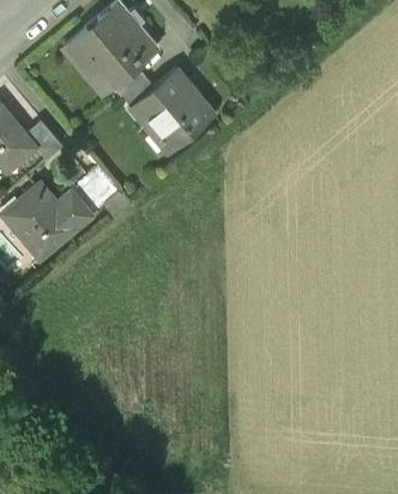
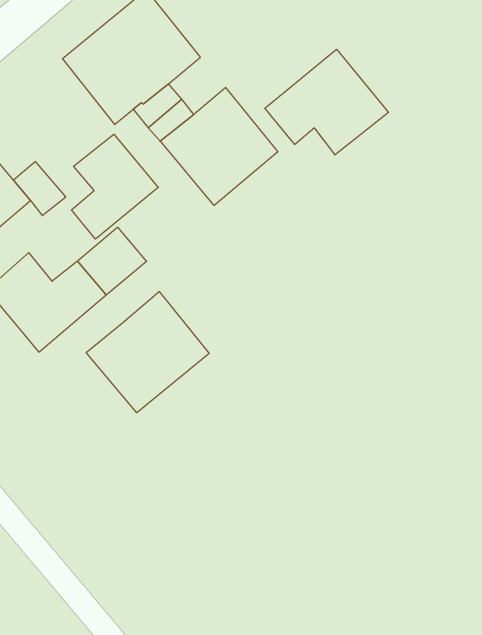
building: none -> [265,49,388,155]
building: none -> [72,134,158,239]
building: none -> [86,292,209,413]

